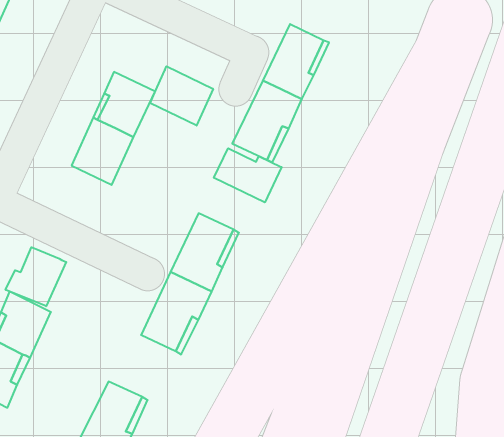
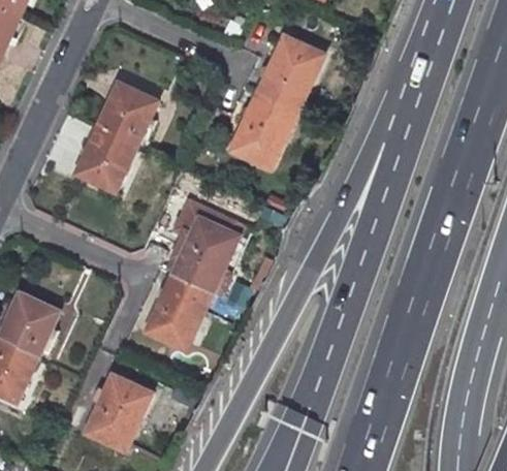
building: [150,66,213,126] -> none
building: [214,148,282,202] -> none
building: [6,247,66,306] -> none

